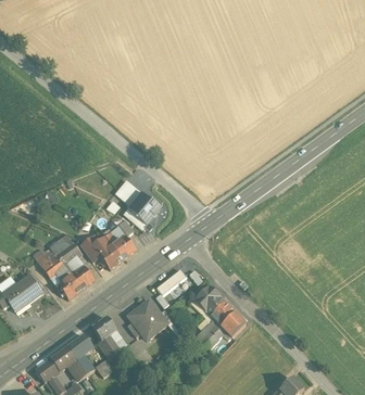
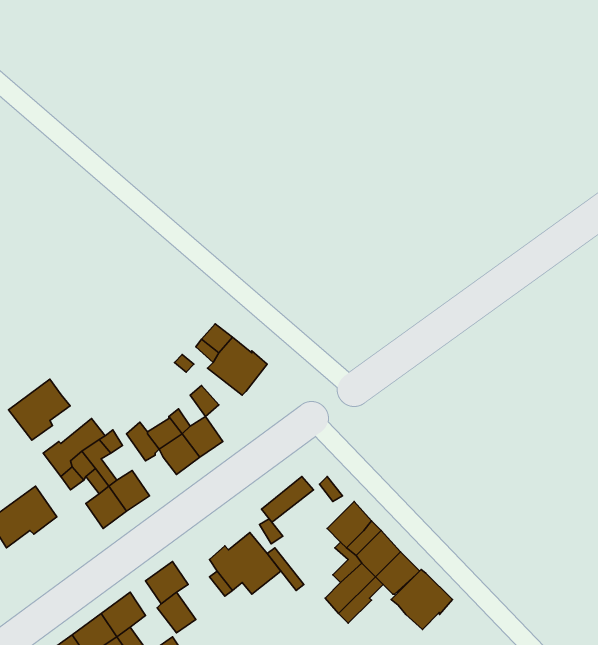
building: none -> [9,379,70,440]
building: none -> [391,570,452,630]

